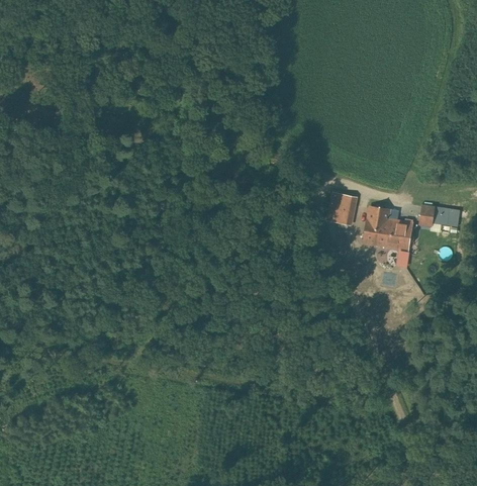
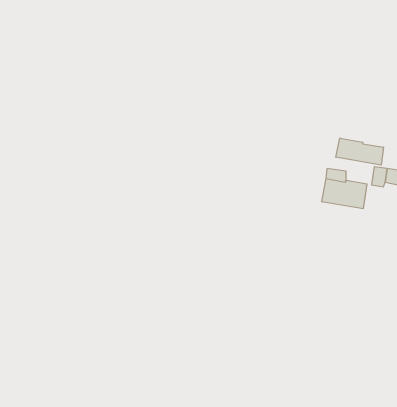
building: none -> [336,138,384,165]
building: [327,192,357,224] -> none

